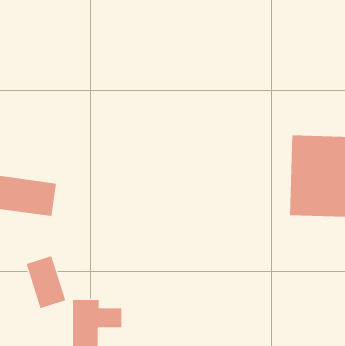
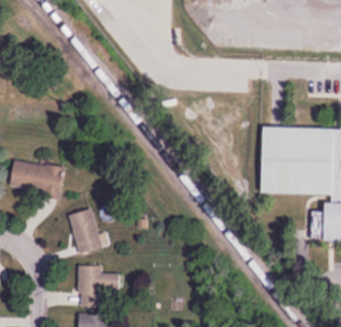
building: [26,256,66,309] -> [68,209,102,254]

